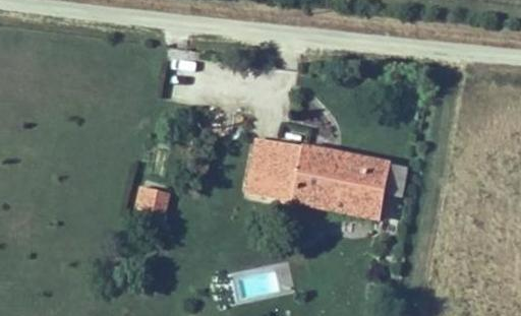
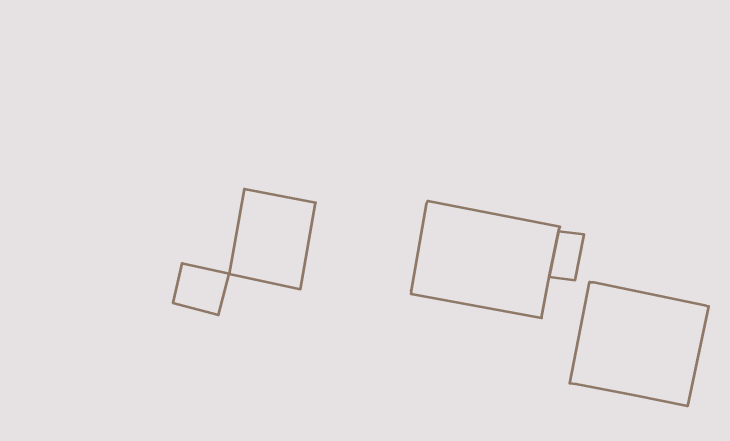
building: [243,137,301,204] -> [229,189,316,289]
building: none -> [570,282,709,406]

